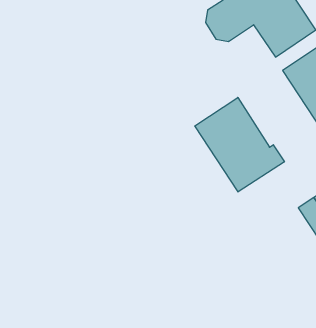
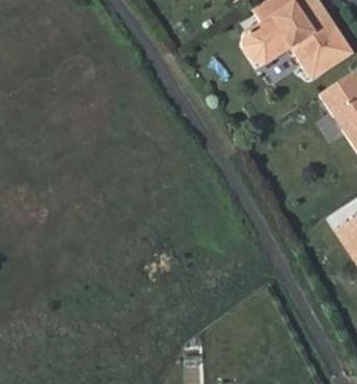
building: [195,97,284,192] -> none

